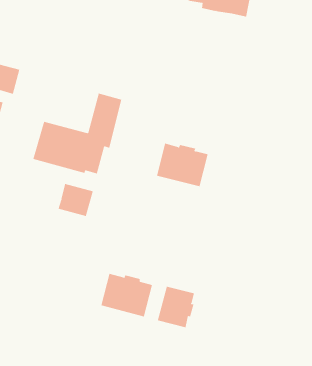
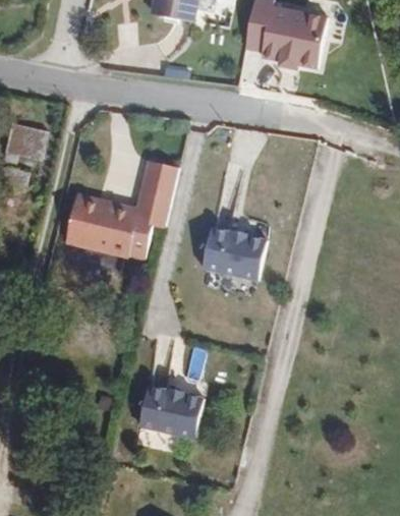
building: [58,183,93,217] -> none
building: [157,286,195,328] -> none

